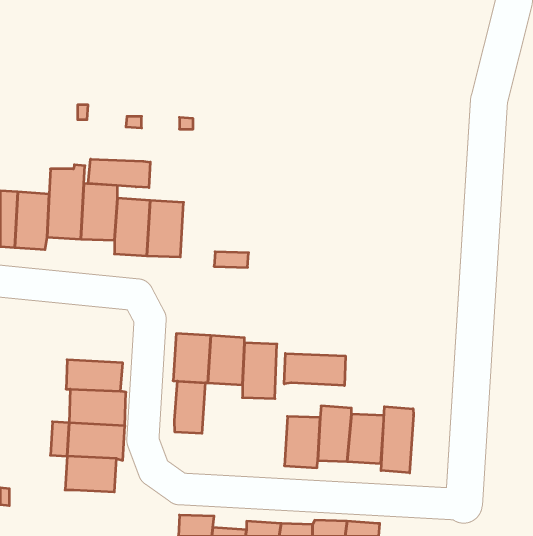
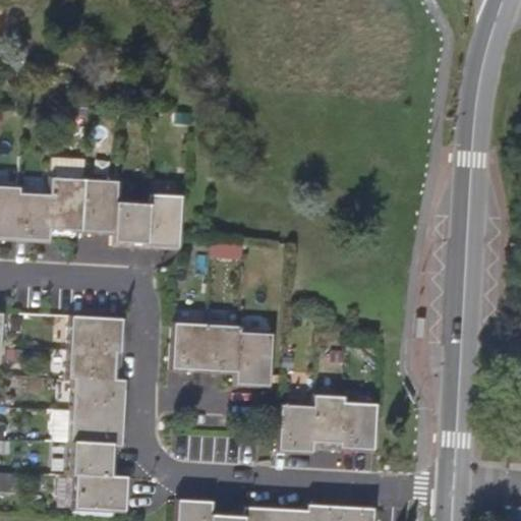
building: [88,159,150,188] -> none
building: none -> [68,316,123,352]
building: [284,353,345,386] -> none
building: [174,381,205,433] -> none
building: [381,407,413,473] -> none
building: none -> [72,475,128,511]

